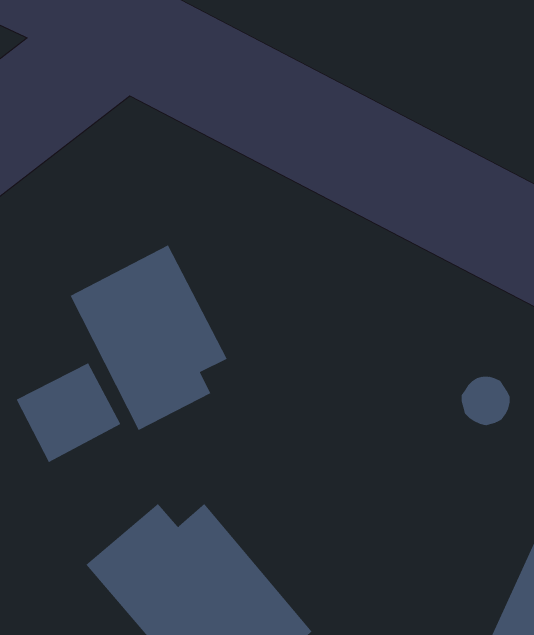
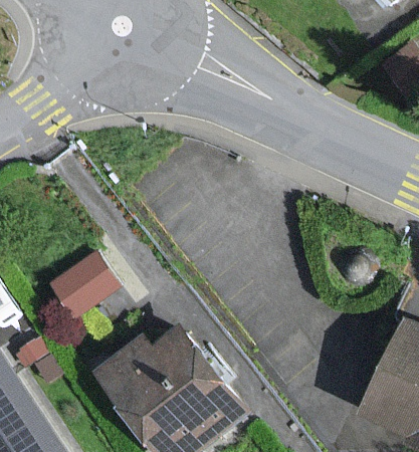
building: [70,245,227,431] -> none

